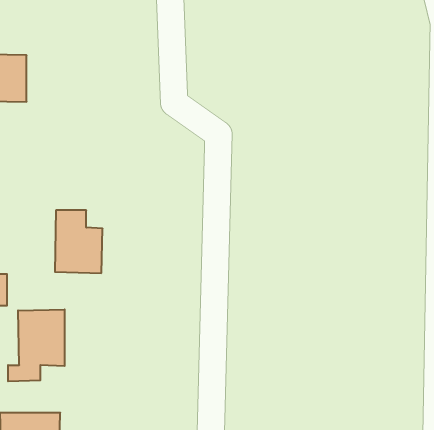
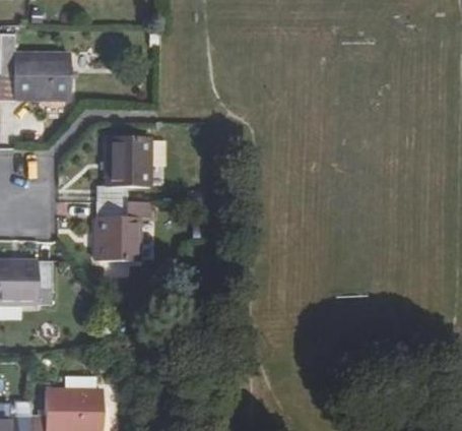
building: none -> [97,138,154,200]
building: [8,309,65,381] -> none

